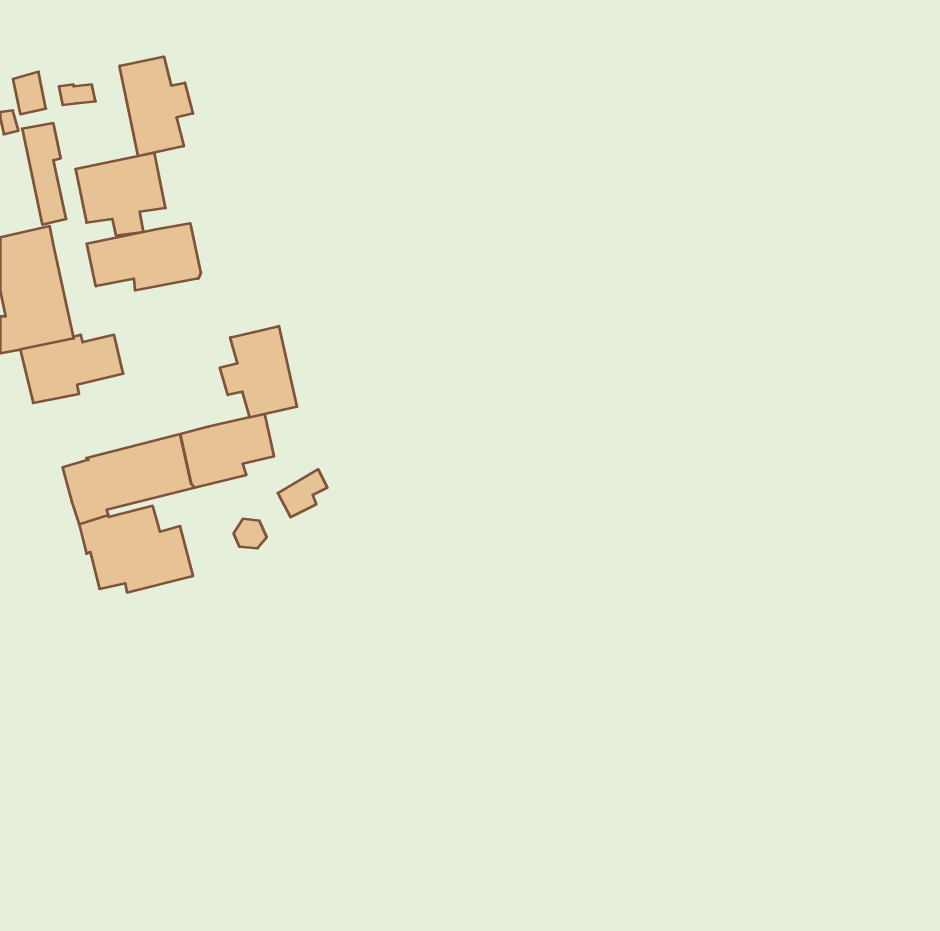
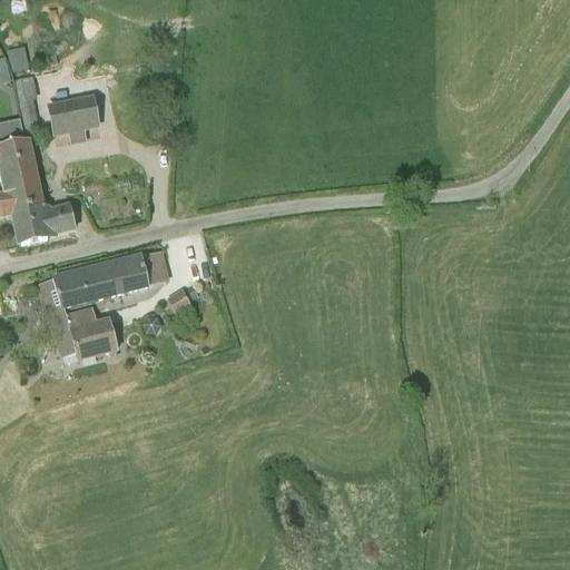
building: [120,57,193,156] -> none
building: [87,223,201,290] -> none
building: [220,326,297,417] -> none

